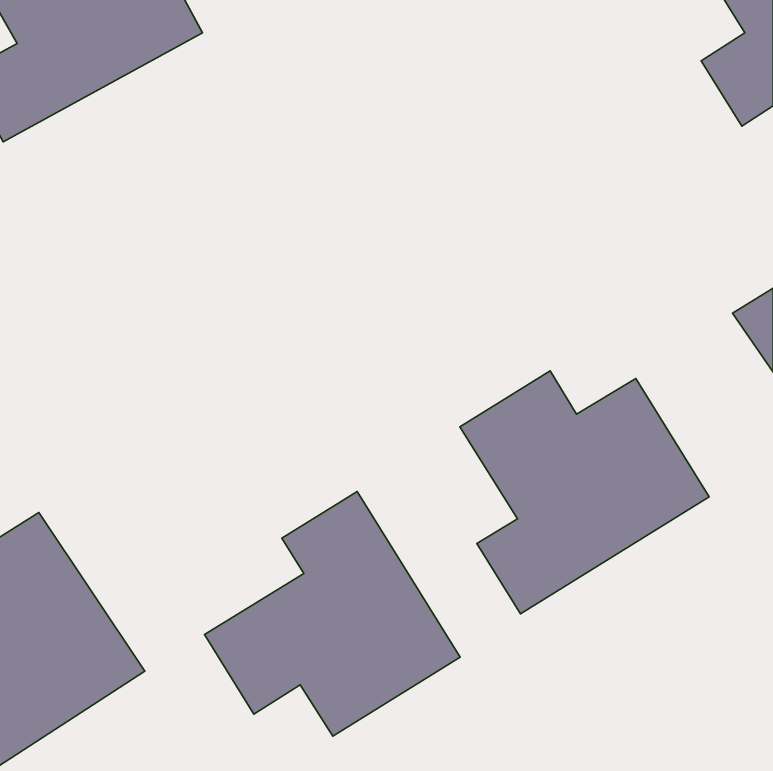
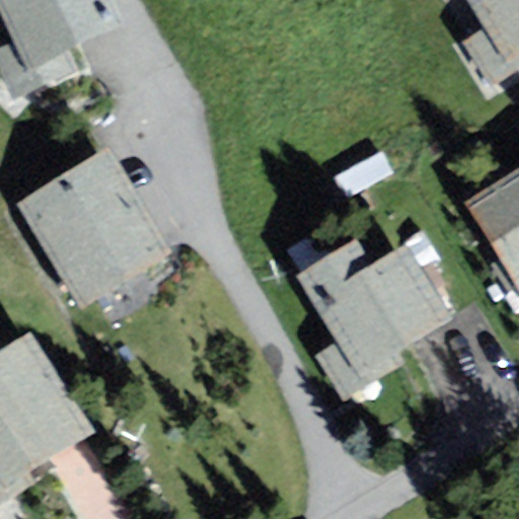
building: none -> [10,146,173,313]
building: [204,491,460,736] -> none

